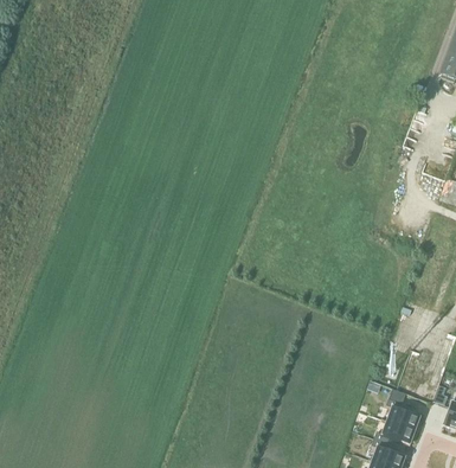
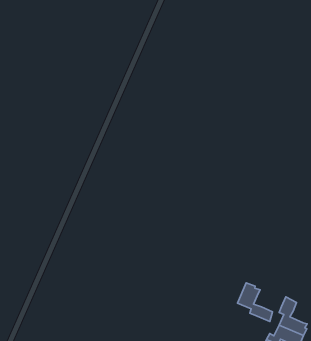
building: none -> [238,283,273,321]

